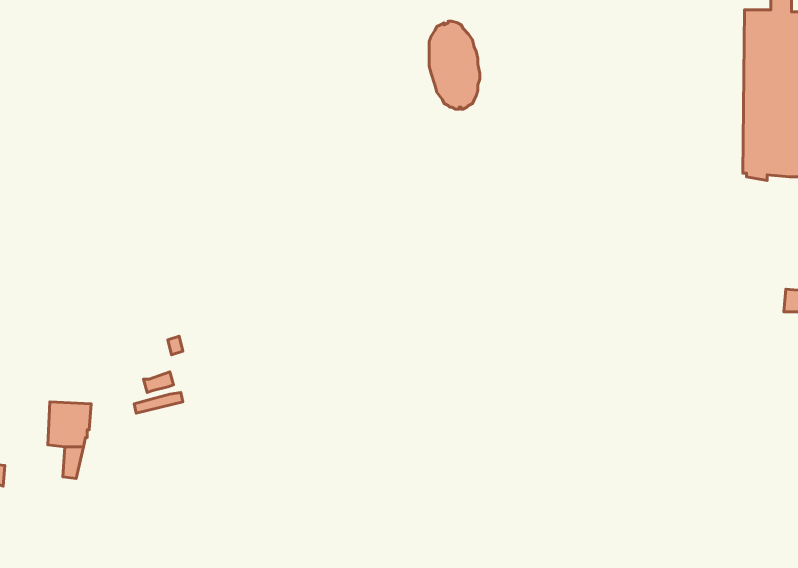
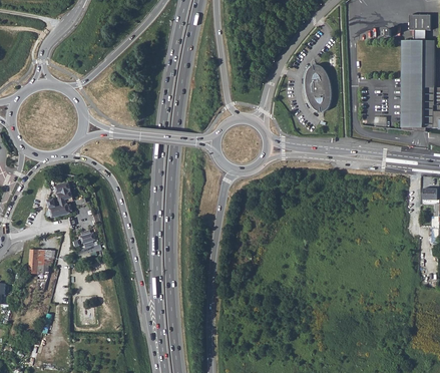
building: [429,21,480,109] -> [305,64,332,111]
building: none -> [45,192,72,217]

